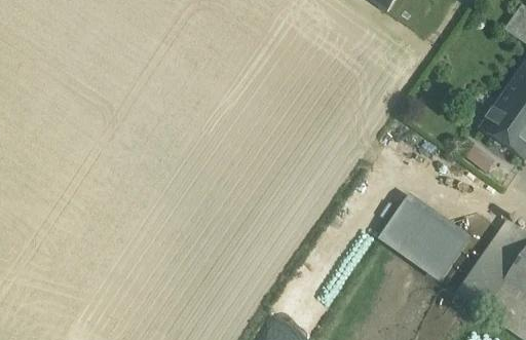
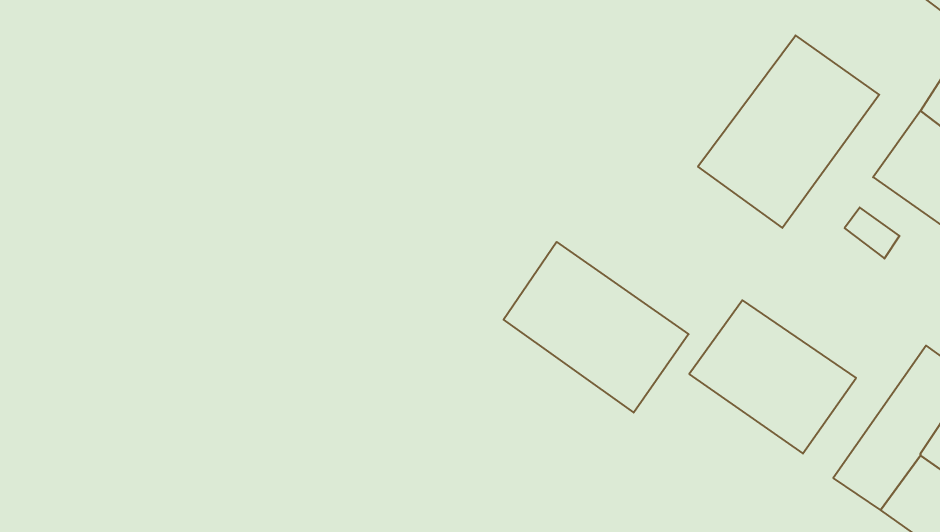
building: none -> [698,35,879,228]
building: none -> [504,242,689,413]

